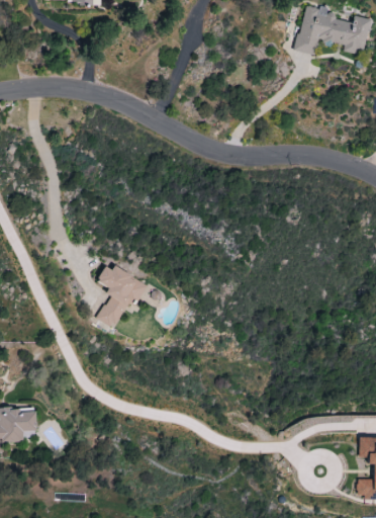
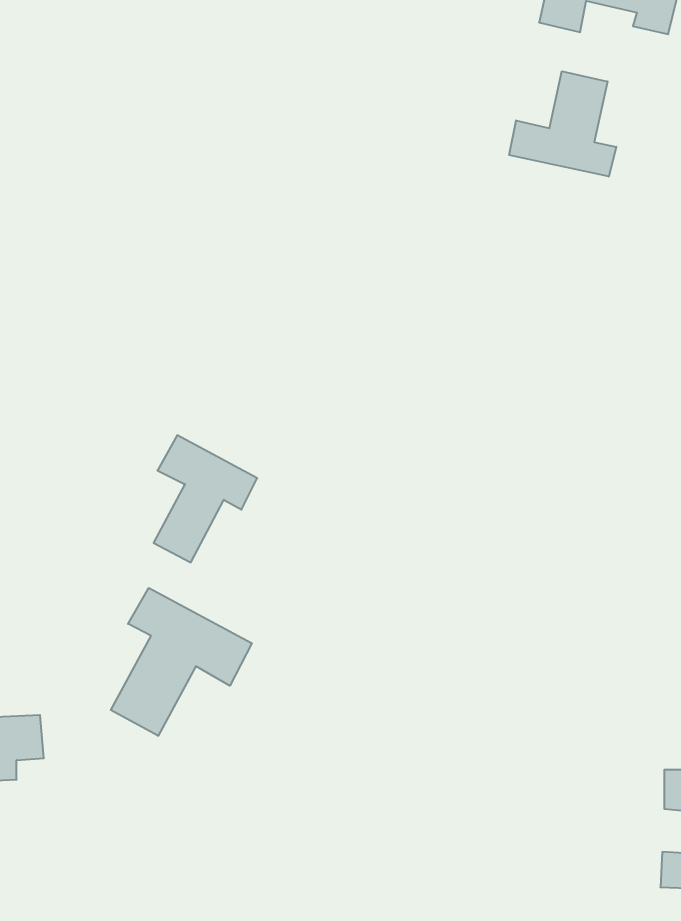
building: none -> [509,71,616,177]
building: none -> [111,588,252,736]

